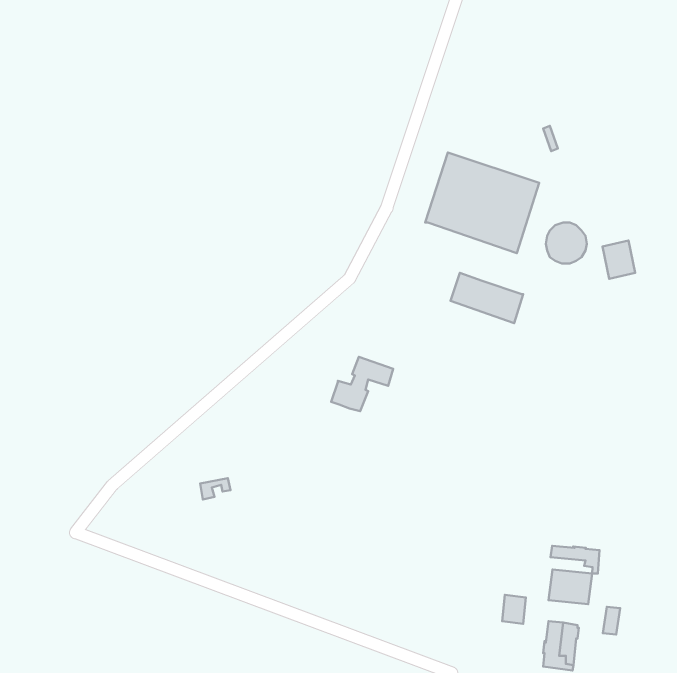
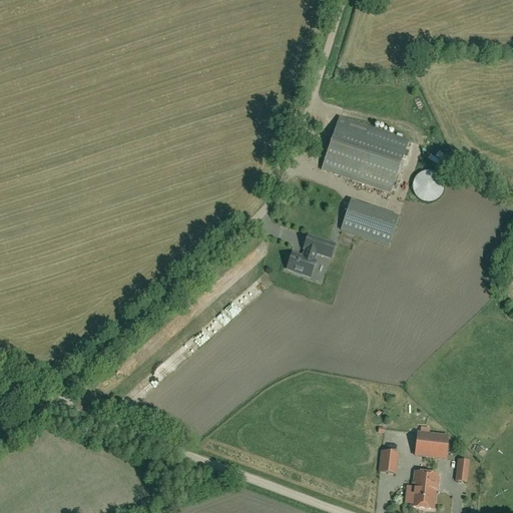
building: [603,241,635,279] -> none
building: [331,357,393,411] -> [288,233,335,275]
building: [551,546,599,574] -> none

